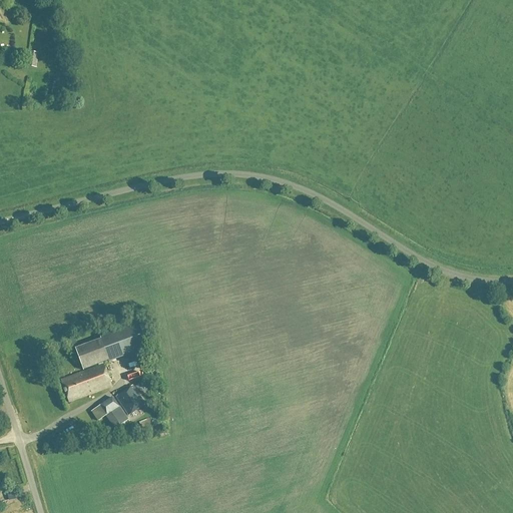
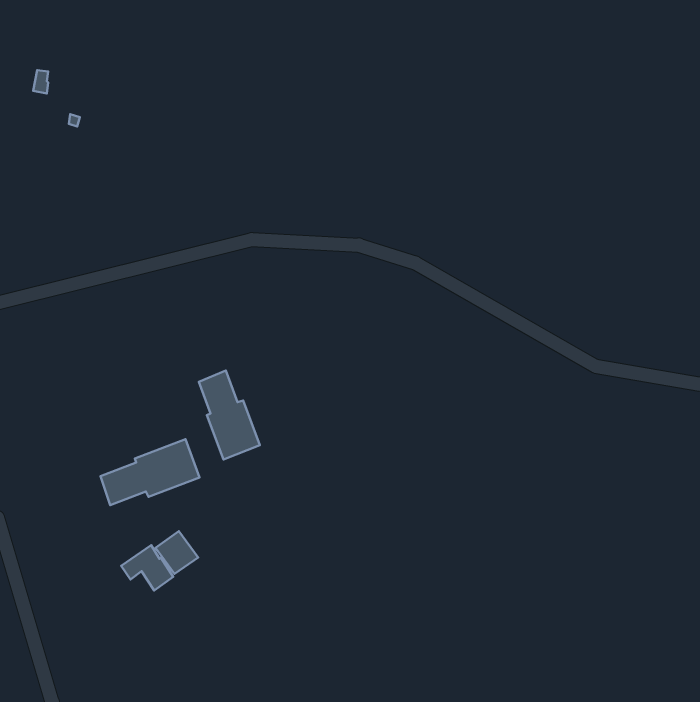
building: none -> [199,371,260,460]
building: [60,364,110,401] -> none

